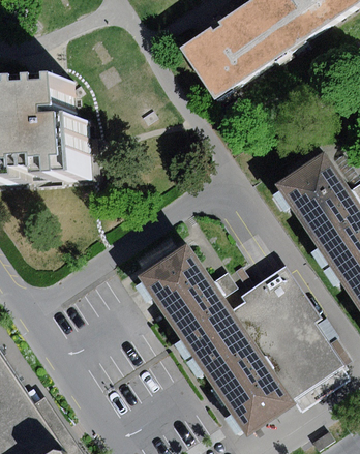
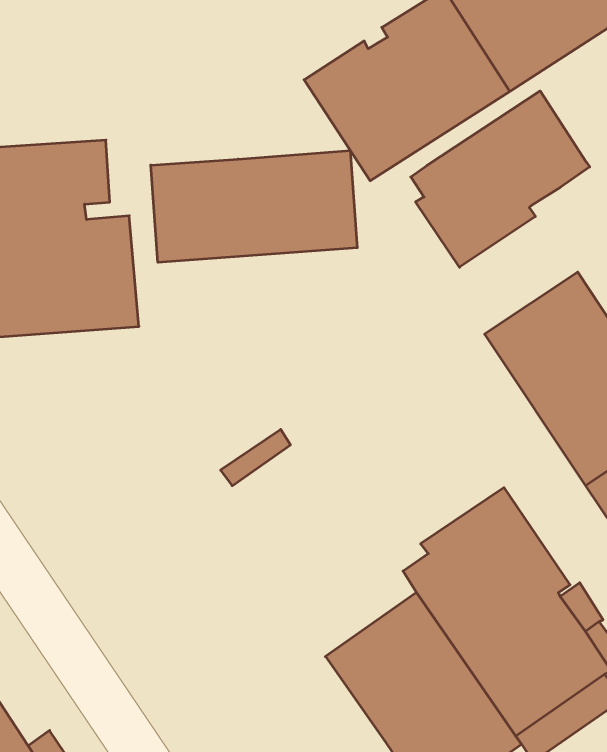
building: none -> [411,91,590,267]
building: none -> [151,150,357,262]
building: [134,243,238,356] -> none

